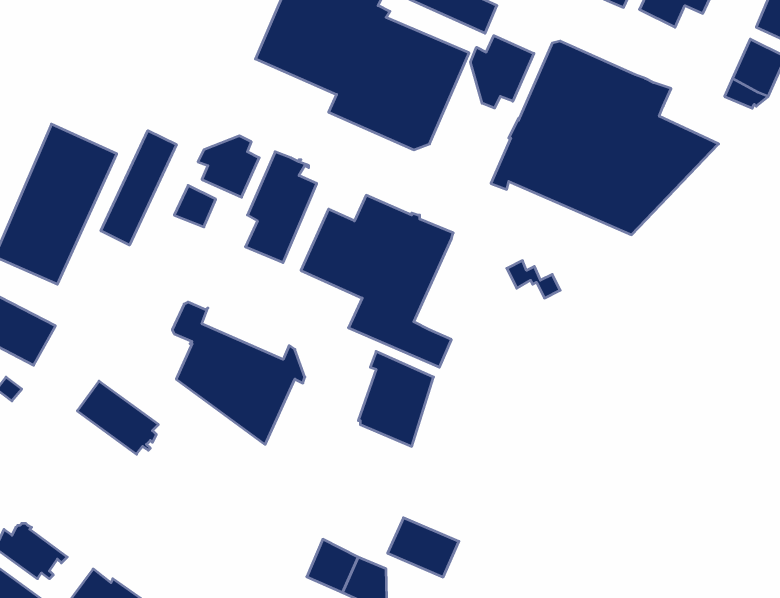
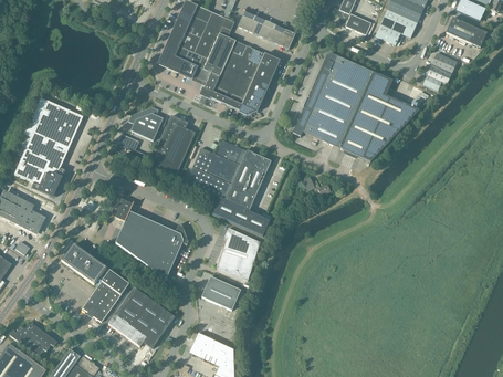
building: [471,36,534,108] -> none
building: [101,131,176,245] -> none
building: none -> [82,270,128,322]
building: none -> [108,287,175,348]
building: [388,518,459,577] -> [201,276,241,310]

